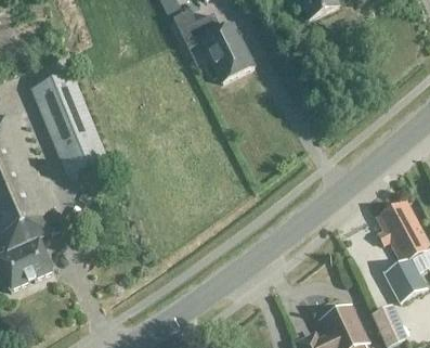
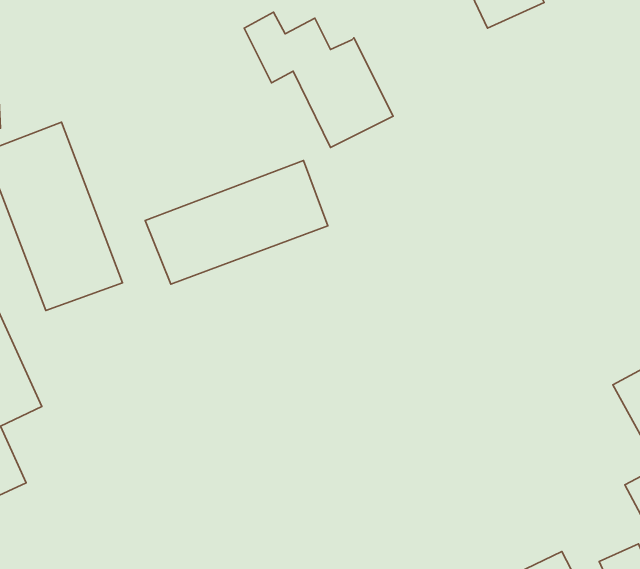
building: none -> [145,161,328,284]

